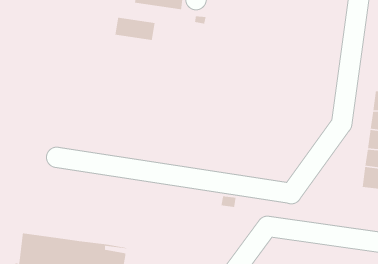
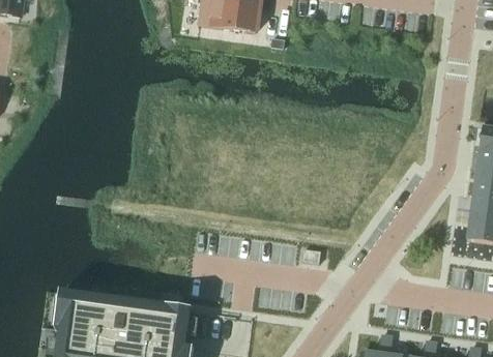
building: [114,17,156,41] -> none

